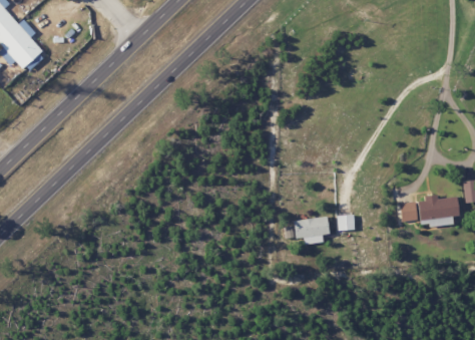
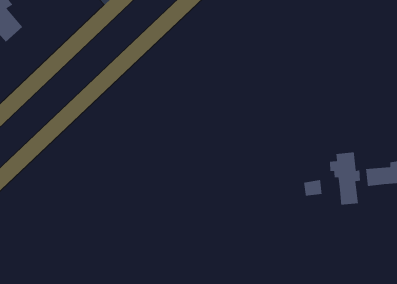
building: none -> [329,152,361,206]
building: [294,216,331,245] -> none

